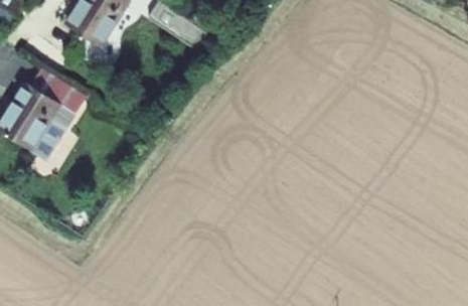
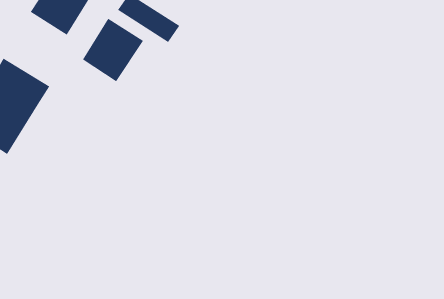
building: none -> [82,18,144,82]

